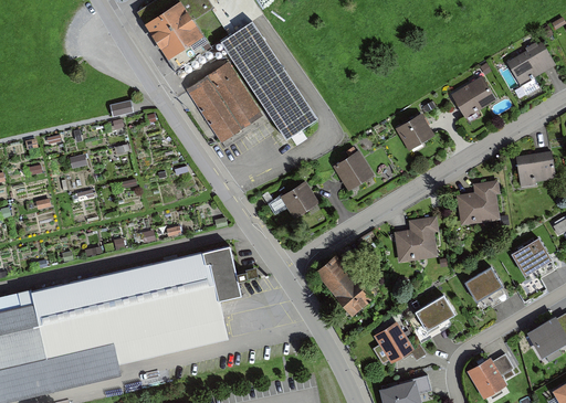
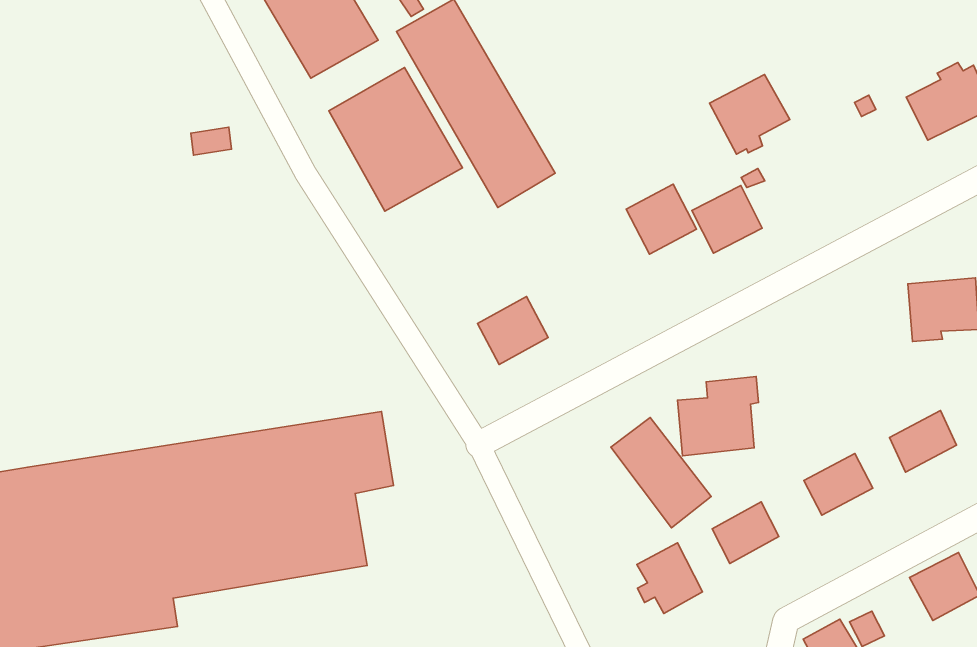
building: [452,75,497,120] -> [709,75,790,154]
building: [331,155,370,194] -> [626,184,697,254]
building: [452,184,497,231] -> none
building: [312,259,369,320] -> [611,418,711,528]

